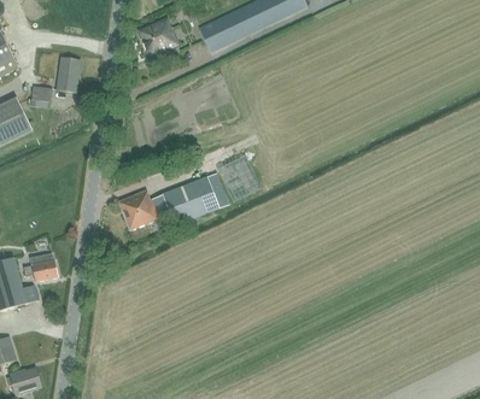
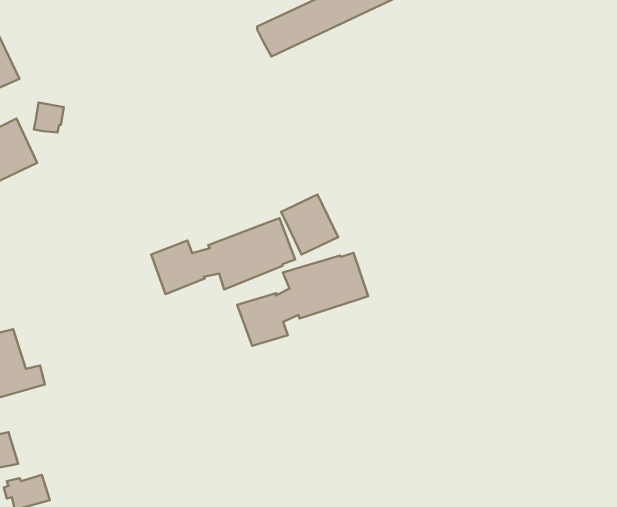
building: [136,18,180,58] -> none
building: [55,57,80,92] -> none
building: none -> [237,253,368,346]
building: [23,253,58,282] -> none

